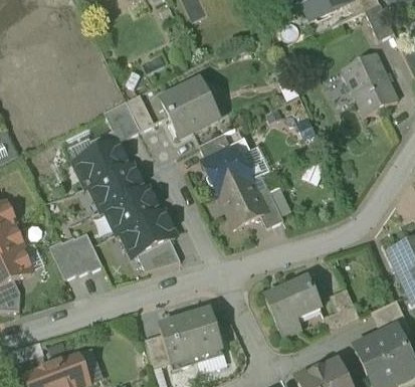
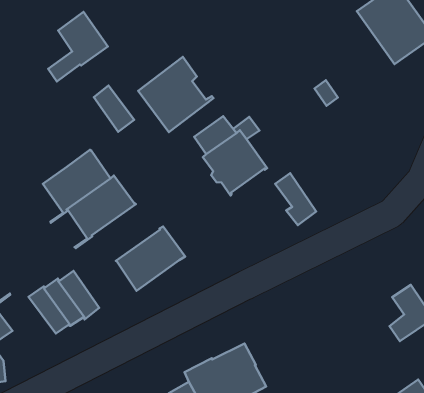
building: [90,101,140,151] -> [48,12,108,81]
building: [219,179,264,226] -> none
building: [106,187,159,238] -> none
building: [137,238,180,271] -> none
building: [266,278,320,337] -> none

